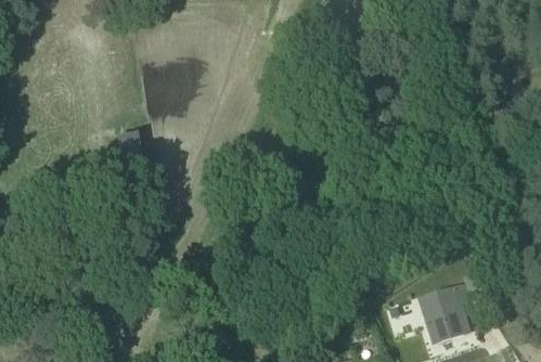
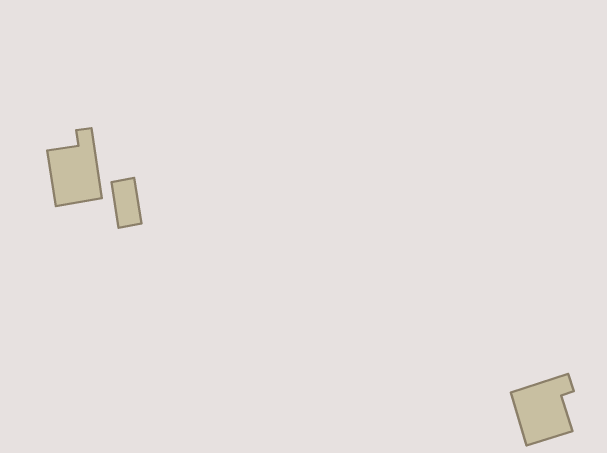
building: none -> [47,128,102,206]

